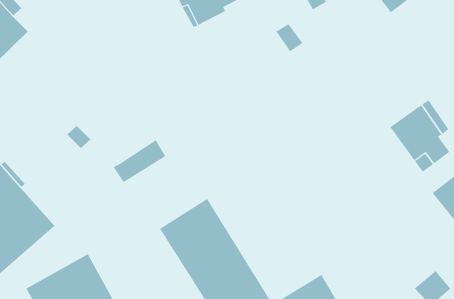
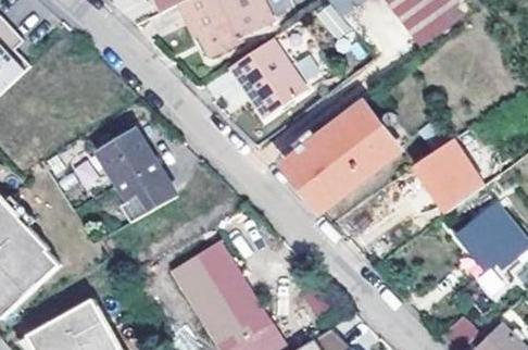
building: none -> [230,37,305,118]
building: none -> [287,103,399,207]
building: none -> [98,130,166,202]

